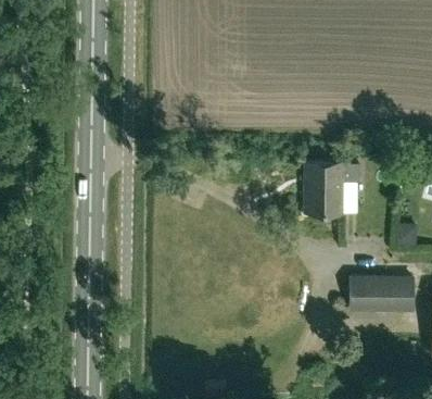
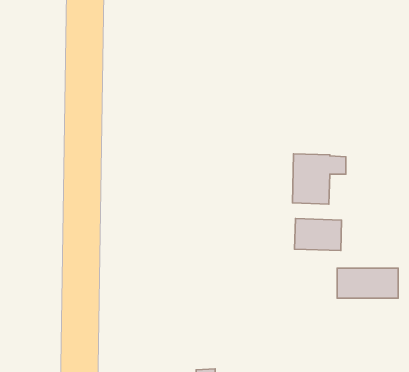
building: none -> [295,219,342,250]

